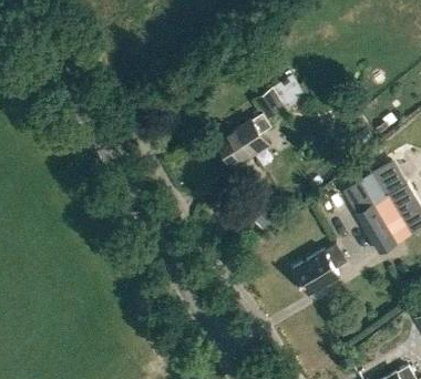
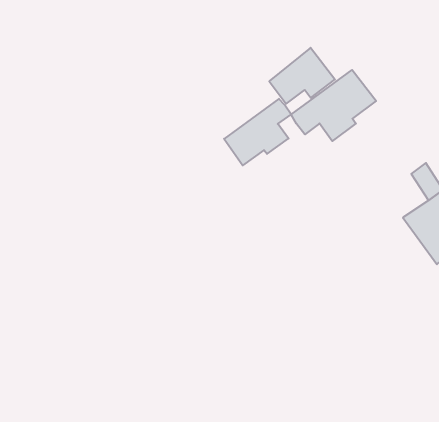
building: none -> [291,70,376,141]
building: [292,245,346,296] -> none

